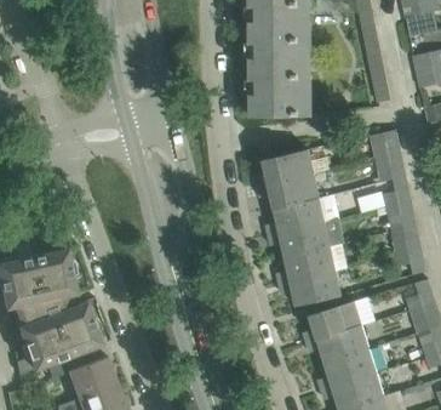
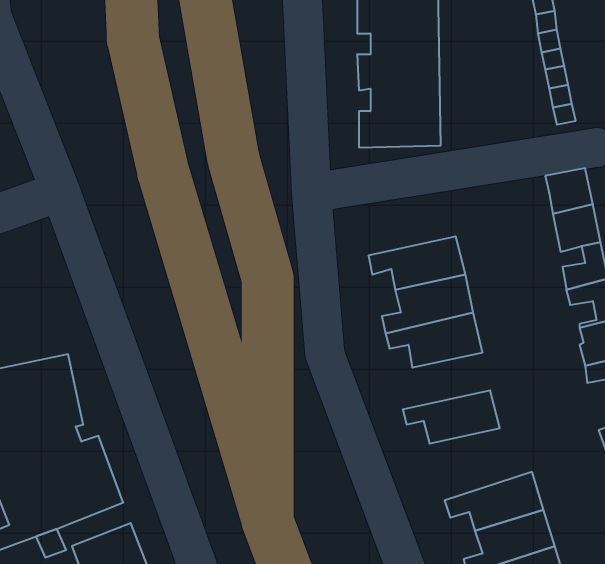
building: [256,149,314,186] -> none
building: [277,247,336,284] -> none
building: [304,301,362,342] -> none

